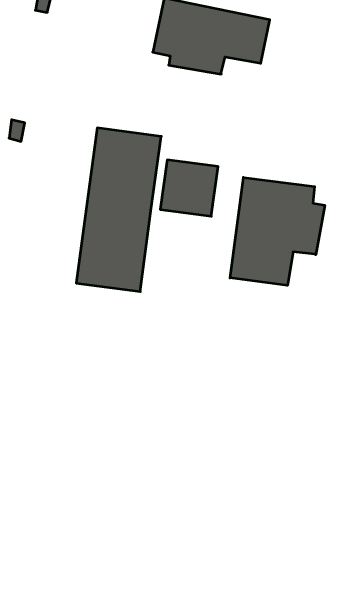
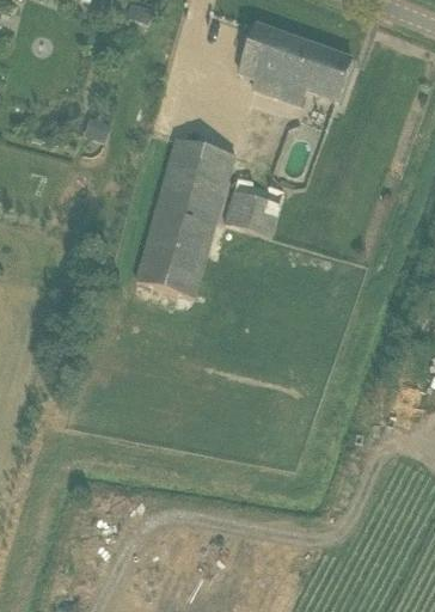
building: [230,177,325,285] -> none

